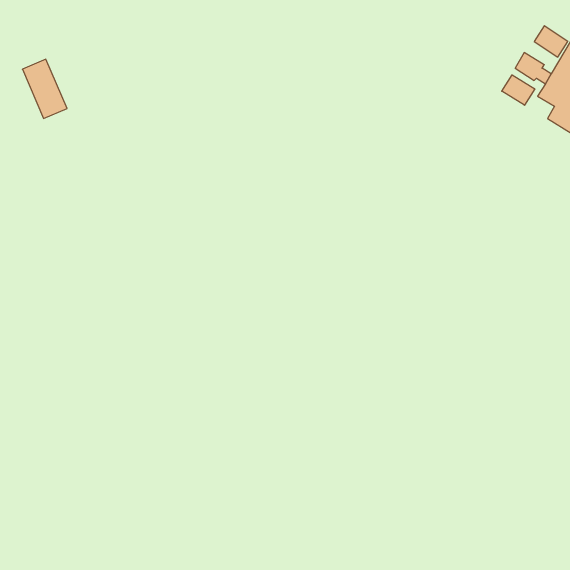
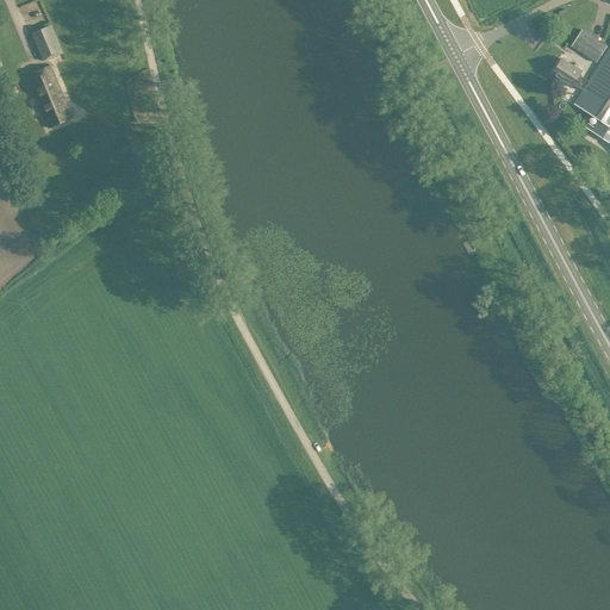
building: none -> [31,24,62,61]
building: [502,75,535,105] -> none

